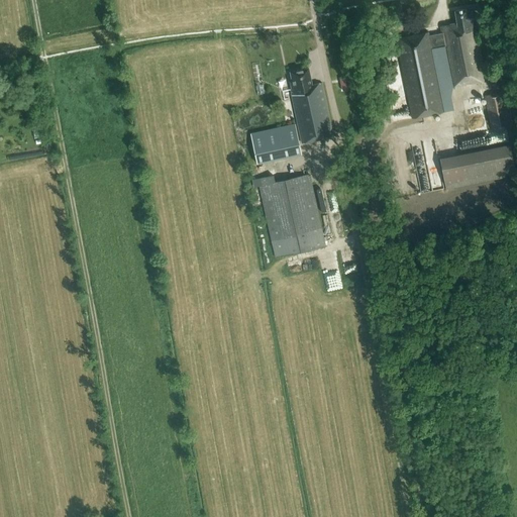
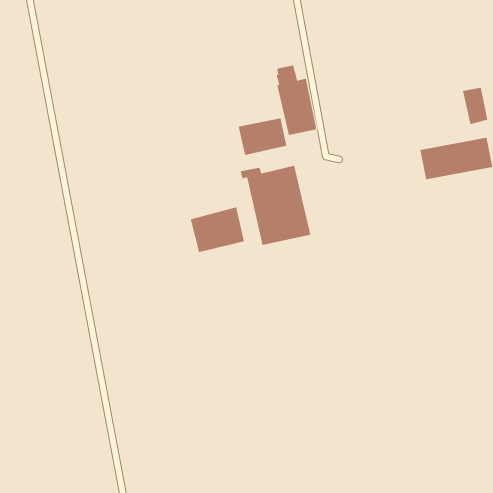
building: [396,8,493,118] -> none
building: none -> [190,207,244,253]

